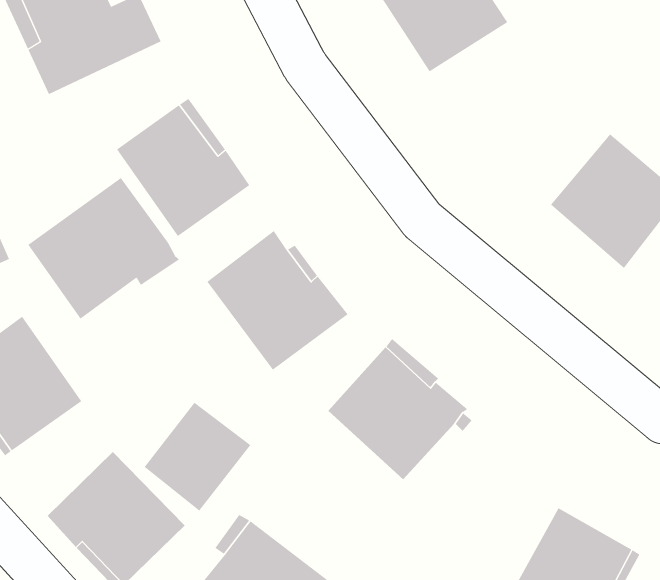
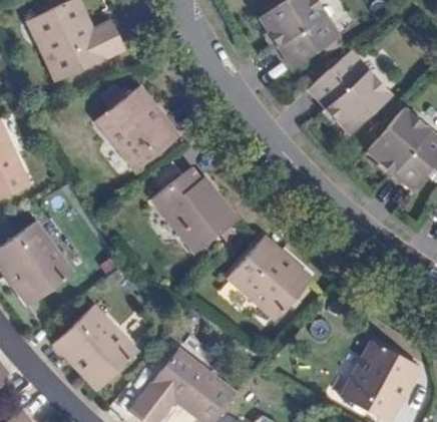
building: none -> [306,48,392,134]
building: [27,177,180,319] -> none
building: [144,402,251,512] -> none

